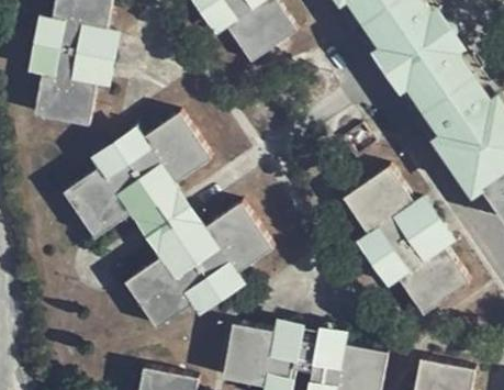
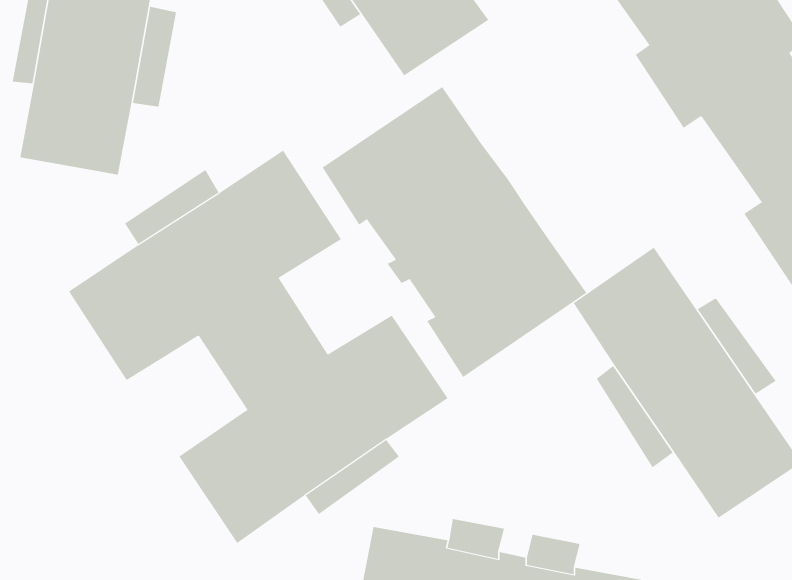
building: none -> [322,86,587,378]

